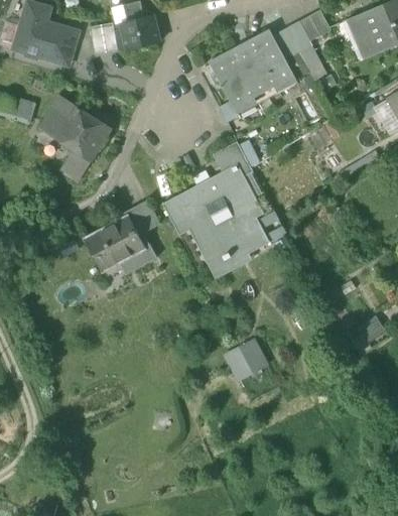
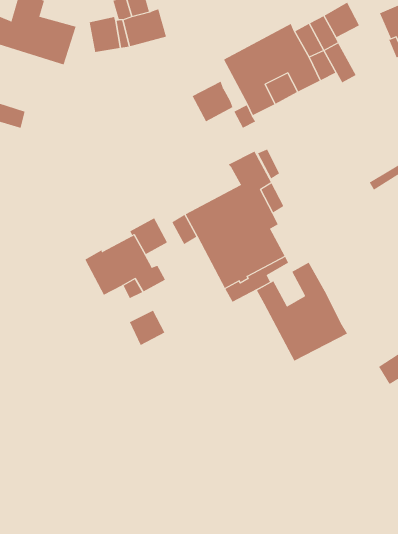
building: none -> [192,81,233,122]
building: [40,96,112,182] -> none
building: none -> [256,262,348,361]
building: none -> [129,310,165,346]
building: [222,337,270,382] -> none

